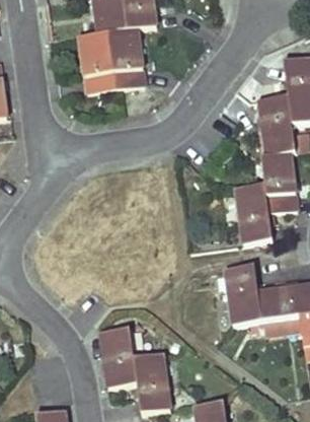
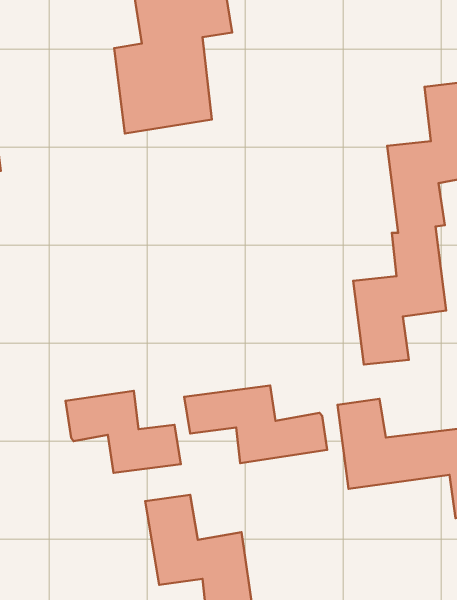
building: none -> [184,386,327,463]
building: none -> [66,391,181,473]

